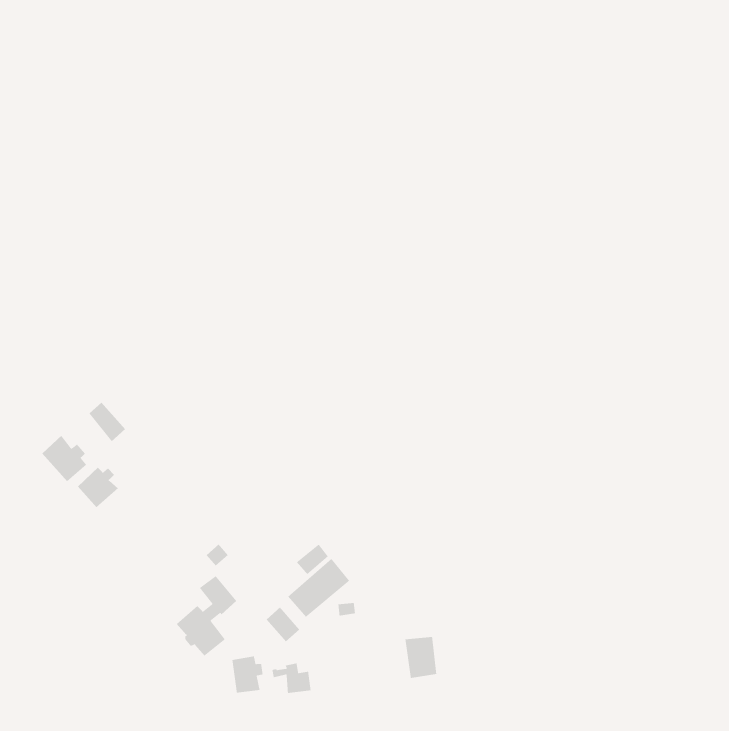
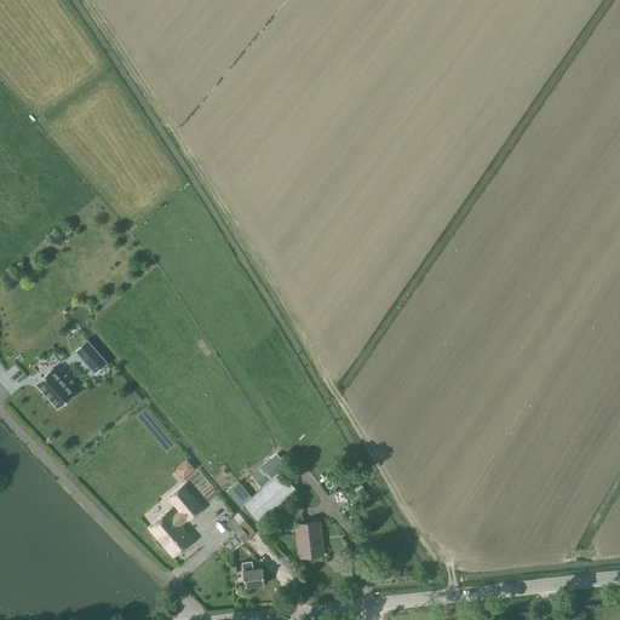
building: [77,467,119,508] -> none
building: [404,636,437,679] -> [295,522,323,558]
building: [231,655,264,694] -> none

